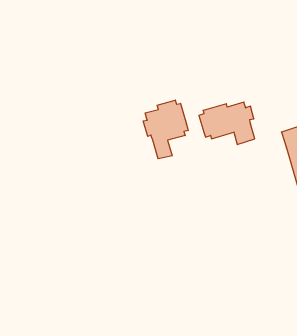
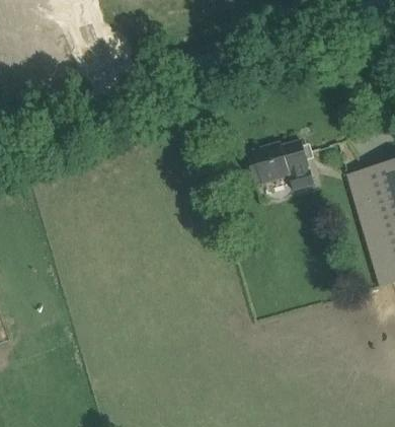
building: [143,100,188,159] -> none

